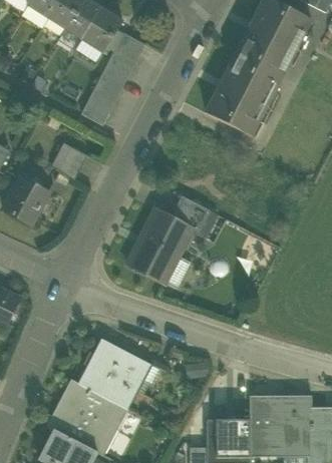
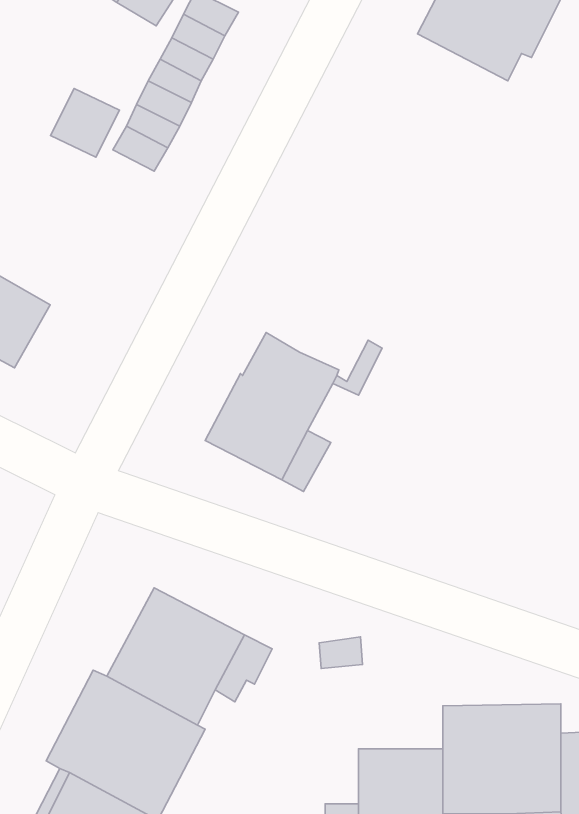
building: [206,54,282,136] -> none
building: [52,140,87,175] -> [51,88,119,157]
building: [176,197,211,232] -> none

